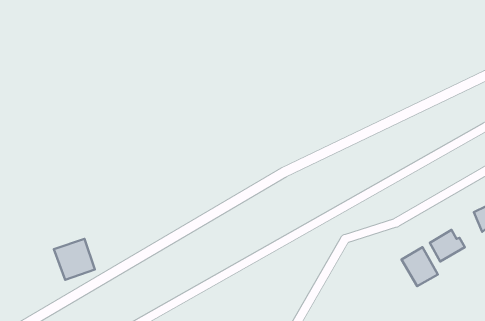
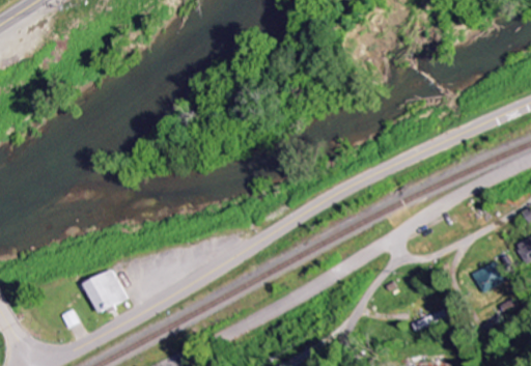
building: [401,247,438,286] -> none

